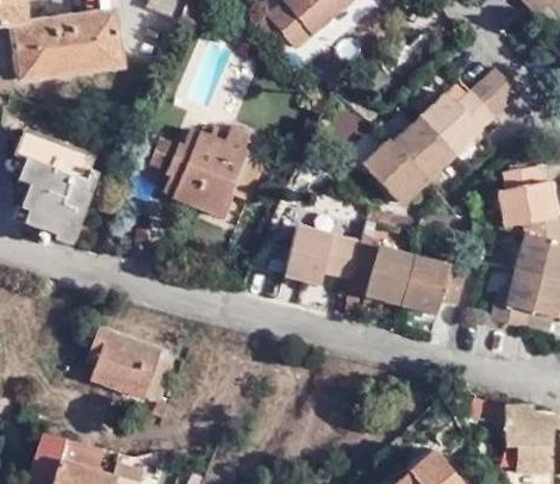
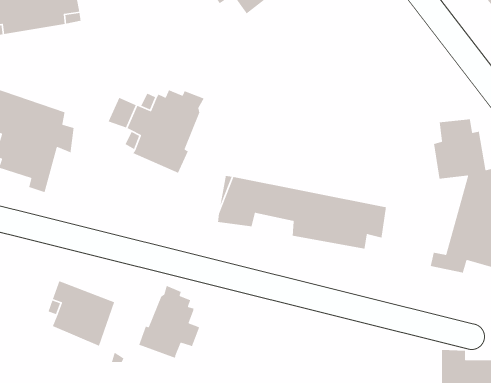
building: [368,75,524,211] -> none
building: none -> [138,285,200,359]

